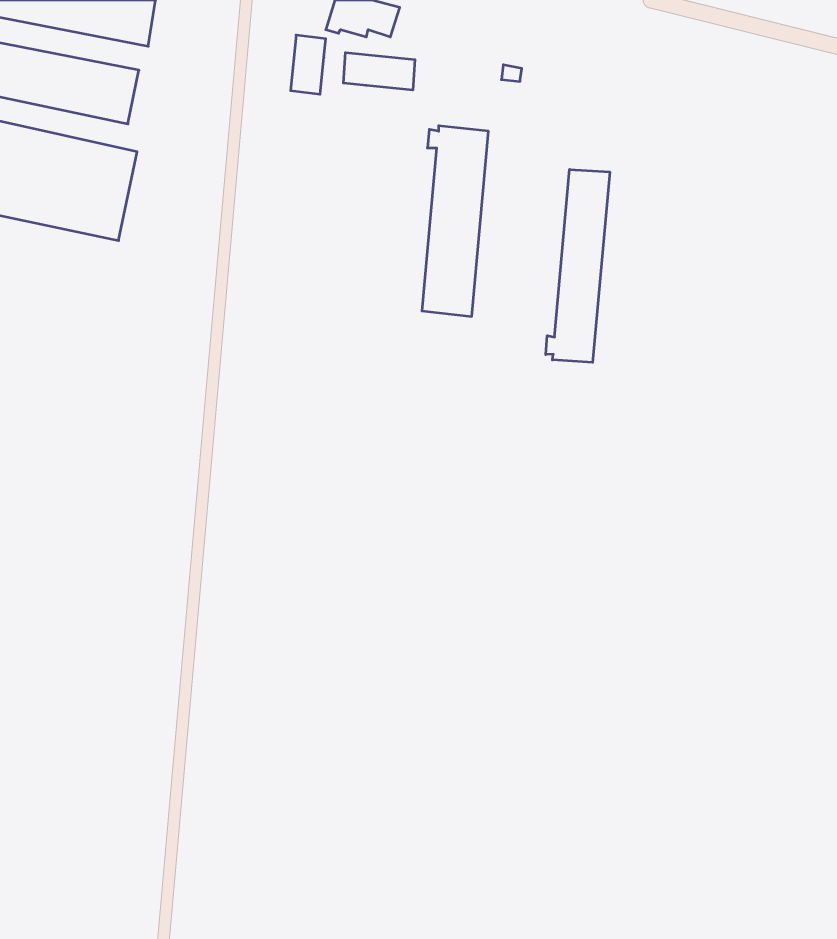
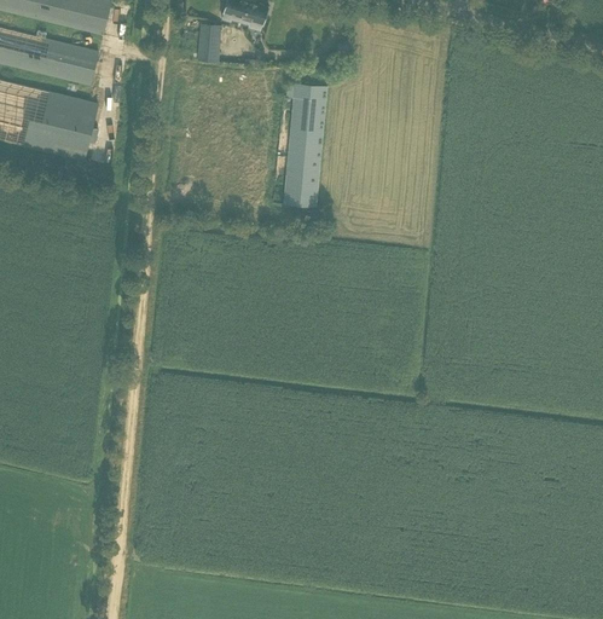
building: [343,53,415,90] -> none
building: [546,169,610,362] -> none

